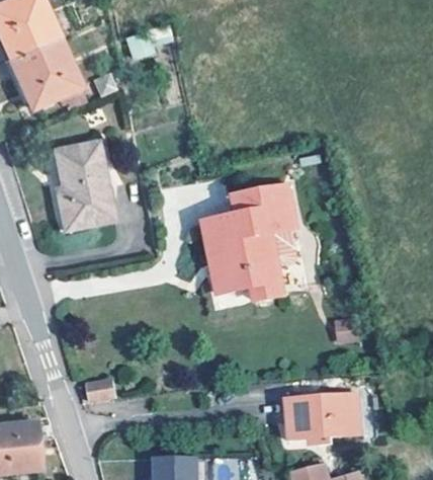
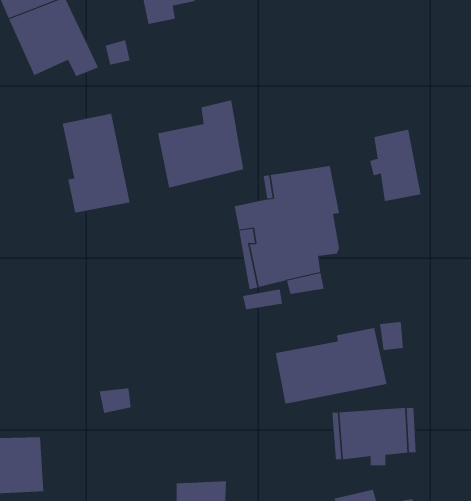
building: none -> [157,100,244,188]
building: none -> [369,129,421,202]
building: none -> [275,327,387,405]

